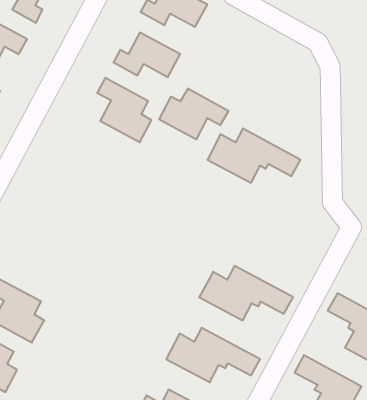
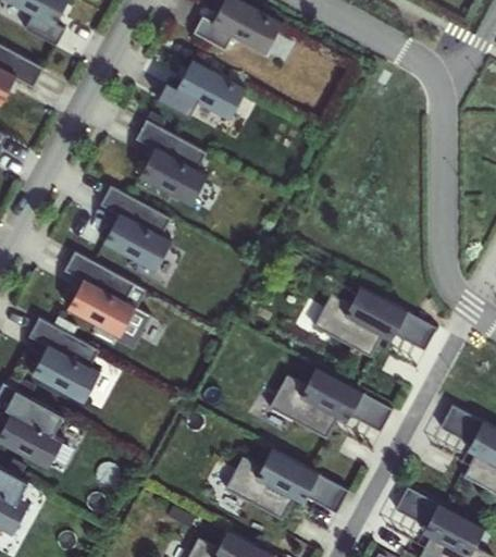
building: [159,88,228,139] -> none
building: none -> [99,186,171,271]
building: [207,128,300,183] -> [313,286,436,358]
building: none -> [63,252,135,336]
building: none -> [27,318,100,403]

